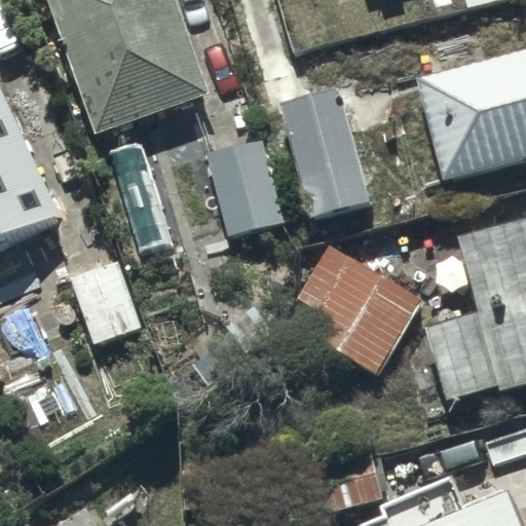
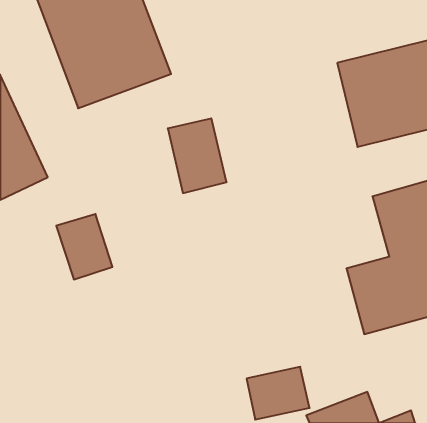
building: [275,88,369,222] -> none
building: [272,241,418,390] -> none

